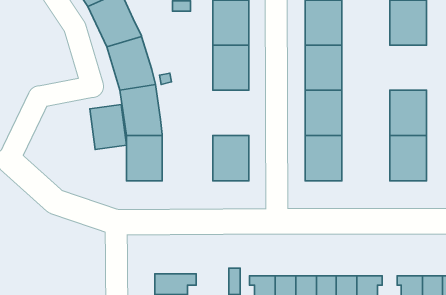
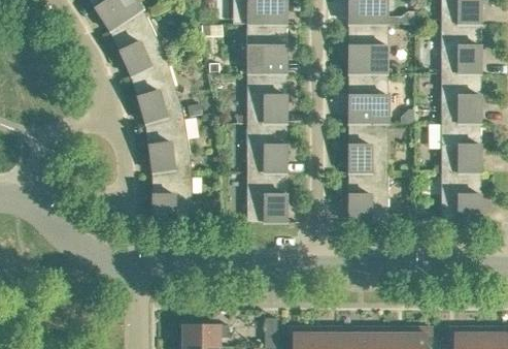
building: none -> [440,73,480,123]
building: none -> [246,123,285,172]
building: [90,105,127,149] -> none

